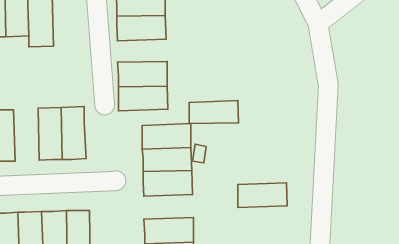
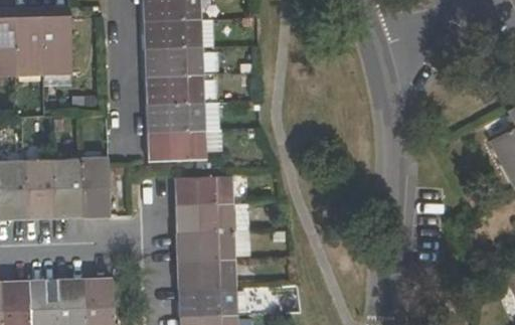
building: [189,101,239,124] -> [146,76,204,104]
building: none -> [23,158,53,220]
building: [238,183,287,208] -> [177,260,235,289]

